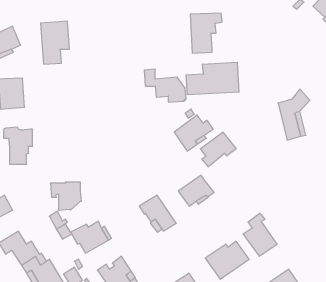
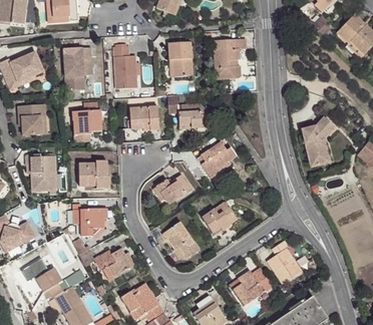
building: none -> [168,41,193,77]
building: none -> [113,46,137,89]
building: [186,62,239,95] -> none
building: none -> [72,102,101,141]
building: none -> [127,106,159,130]
building: [200,132,236,167] -> none
building: none -> [78,160,107,189]
building: none -> [153,175,191,205]

